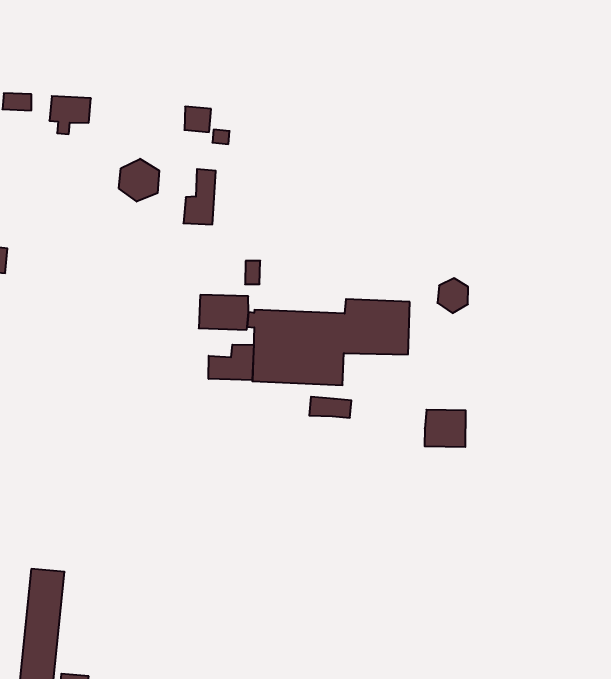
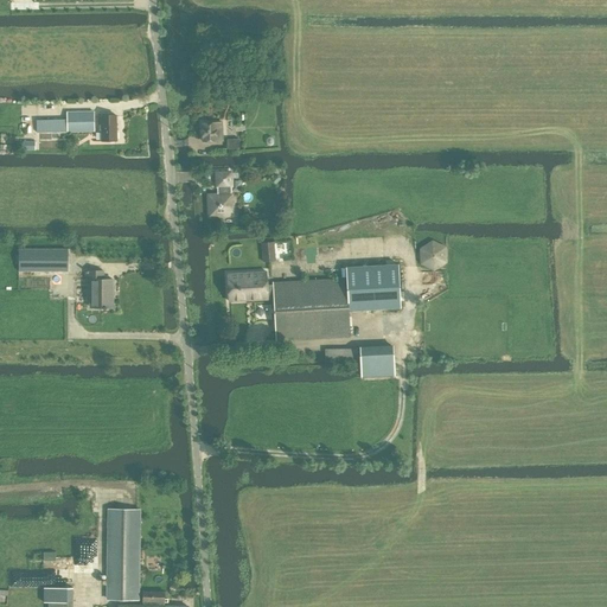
building: [119,159,159,202] -> none
building: none -> [85,270,111,307]
building: [209,345,254,380] -> none
building: [425,410,466,447] -> [359,344,394,376]

